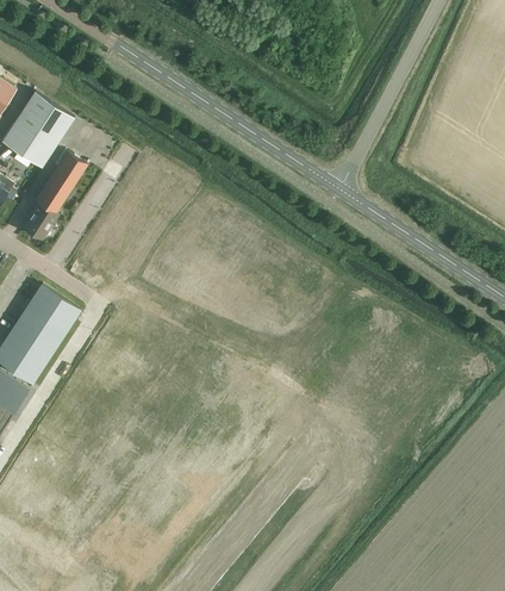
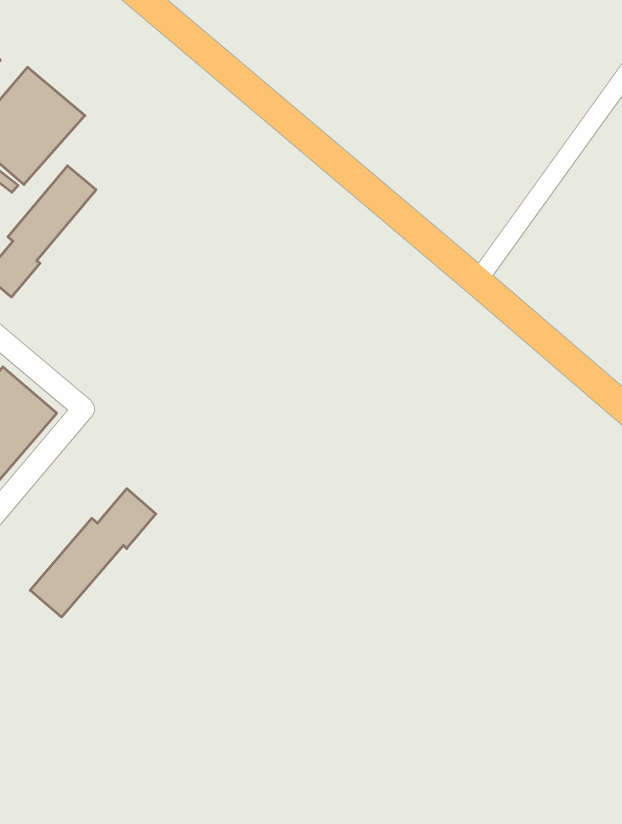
building: none -> [30,489,156,617]

